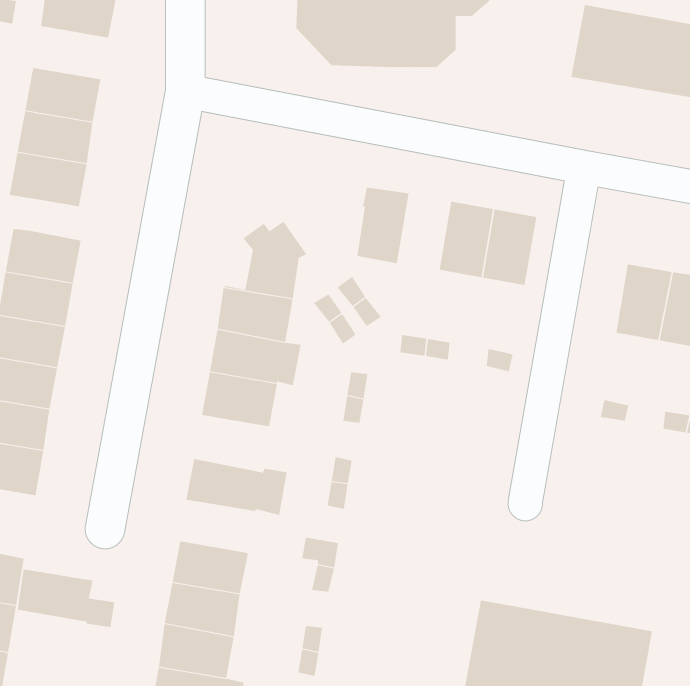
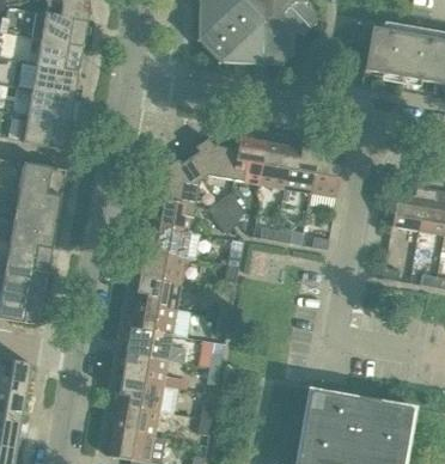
building: none -> [36,38,83,71]
building: none -> [189,133,239,178]
building: none -> [258,140,291,187]
building: none -> [134,275,181,310]
building: [17,569,115,628] -> [126,326,185,362]

